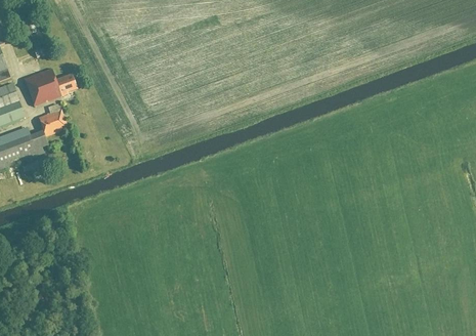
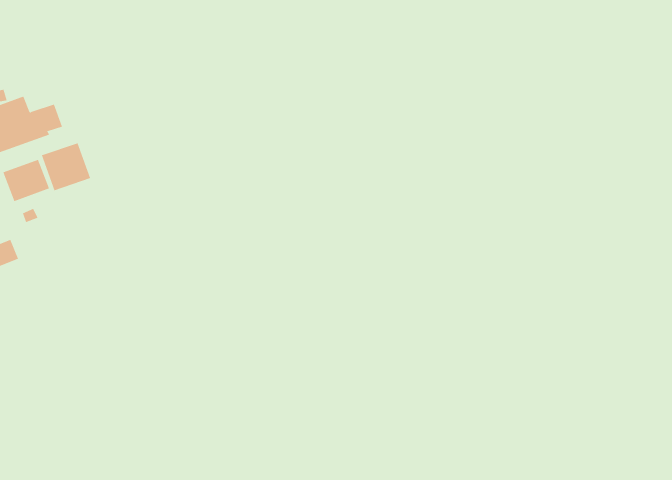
building: none -> [41,142,91,191]

